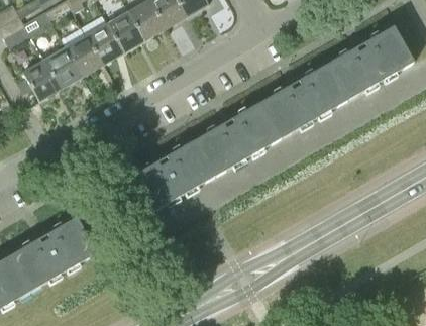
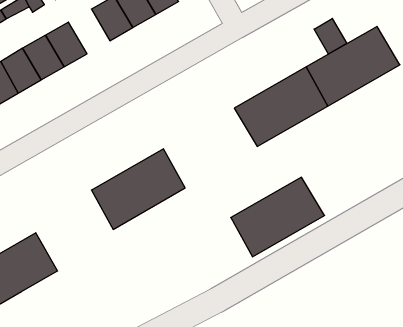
building: [107,10,145,51] -> none
building: none -> [314,18,347,54]
building: [195,102,282,176] -> [231,177,325,257]

